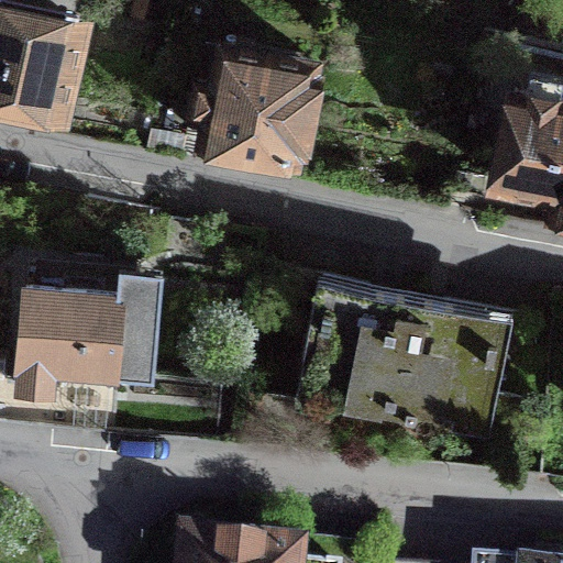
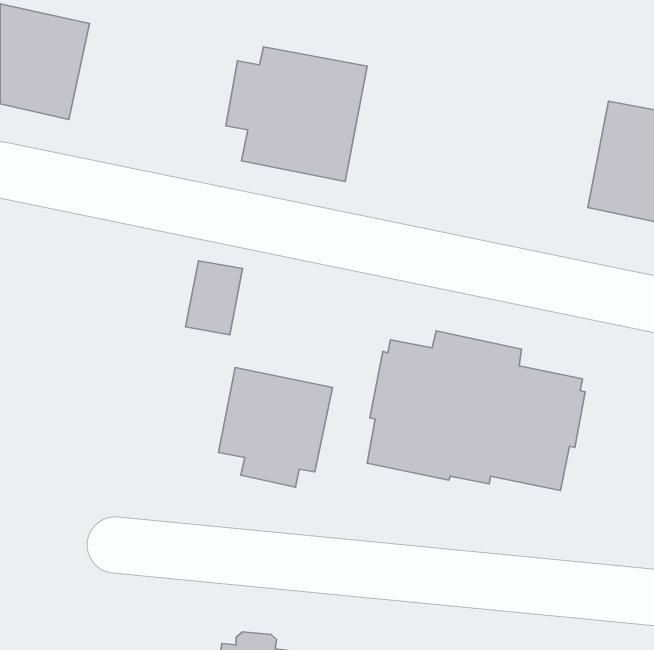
building: [25,291,166,398] -> none
building: none -> [219,367,332,487]

